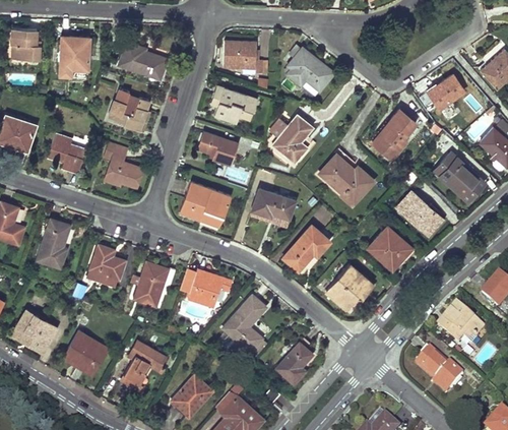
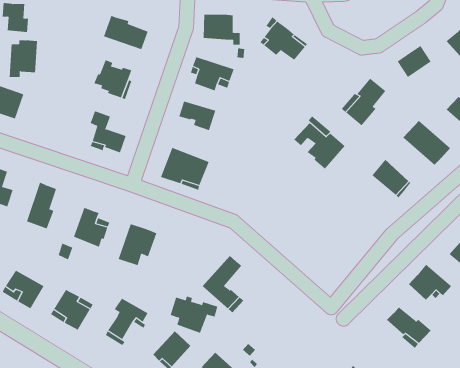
building: [60,38,90,77] -> [9,40,38,78]
building: [272,115,312,164] -> none
building: [48,133,86,174] -> none
building: [252,190,295,220] -> none
building: [283,226,330,271] -> none
building: [368,227,411,267] -> none
building: [326,264,373,309] -> none
building: [181,268,232,308] -> [170,296,218,333]
building: [276,339,311,383] -> none

